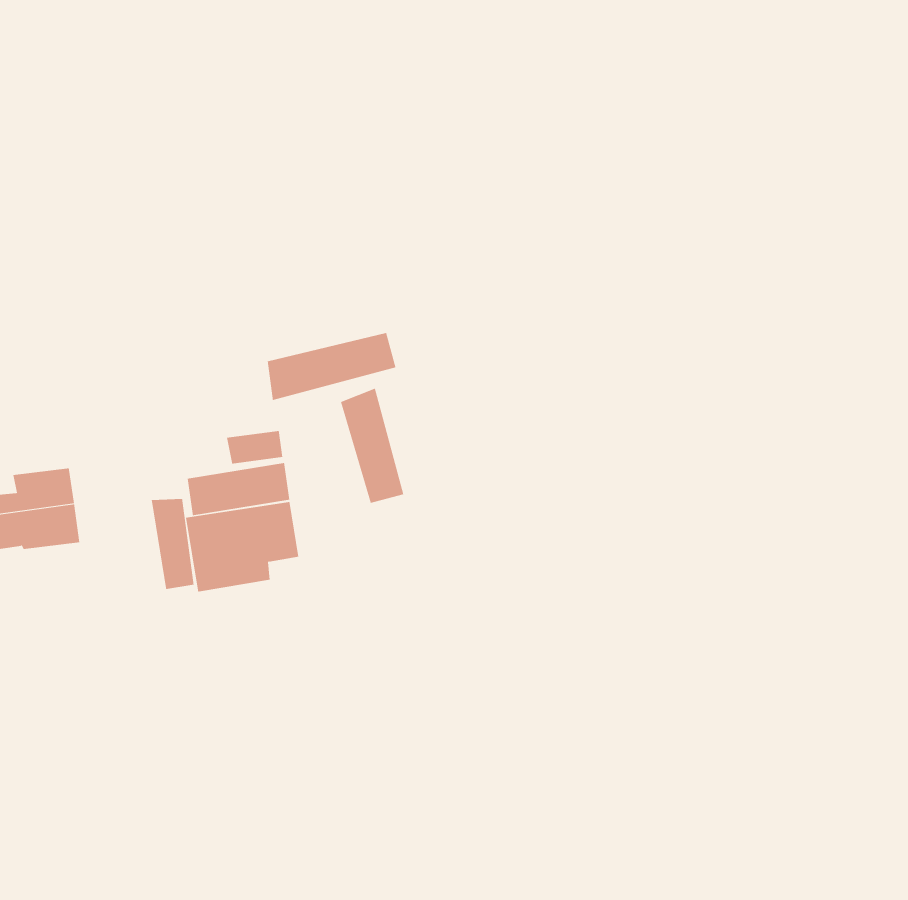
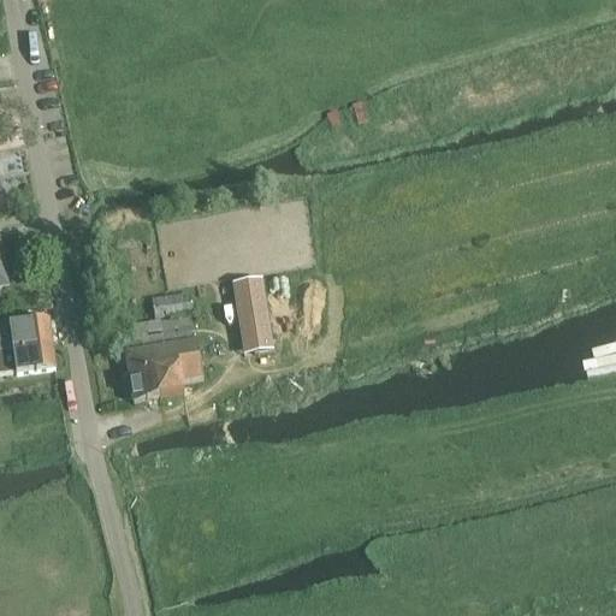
building: [267,332,396,401] -> none
building: [151,498,194,590] -> none

